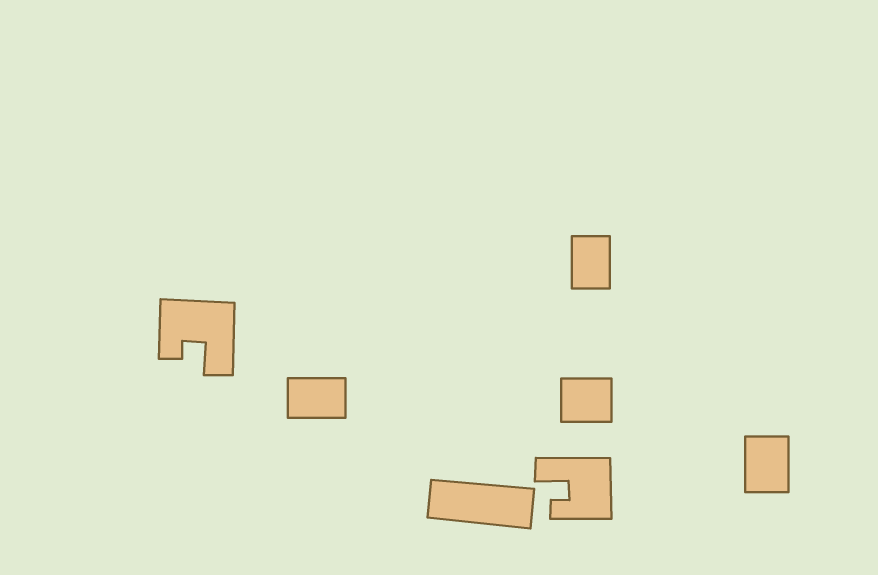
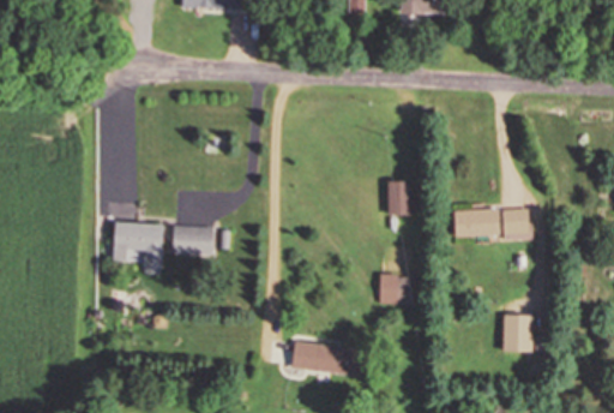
building: none -> [455,209,531,239]
building: [288,378,346,418] -> [174,227,212,253]
building: [535,458,612,519] -> none

